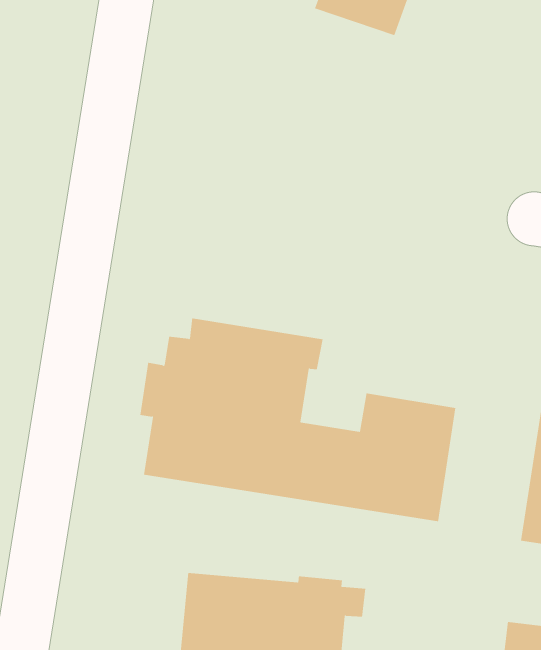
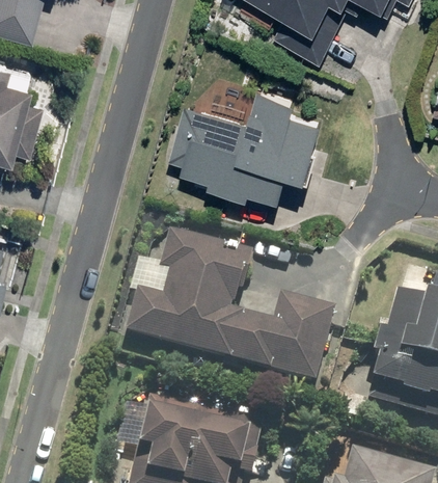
building: none -> [174,86,324,193]

